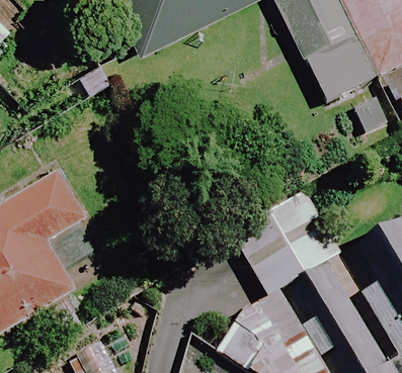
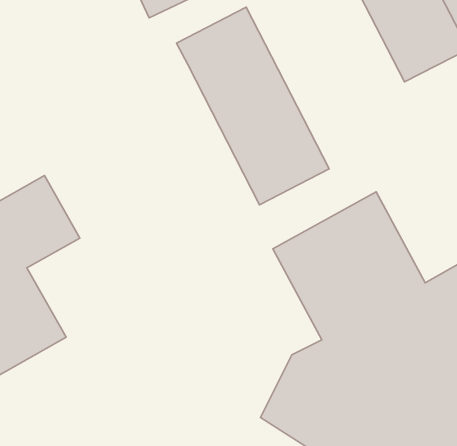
building: none -> [177,7,329,205]

